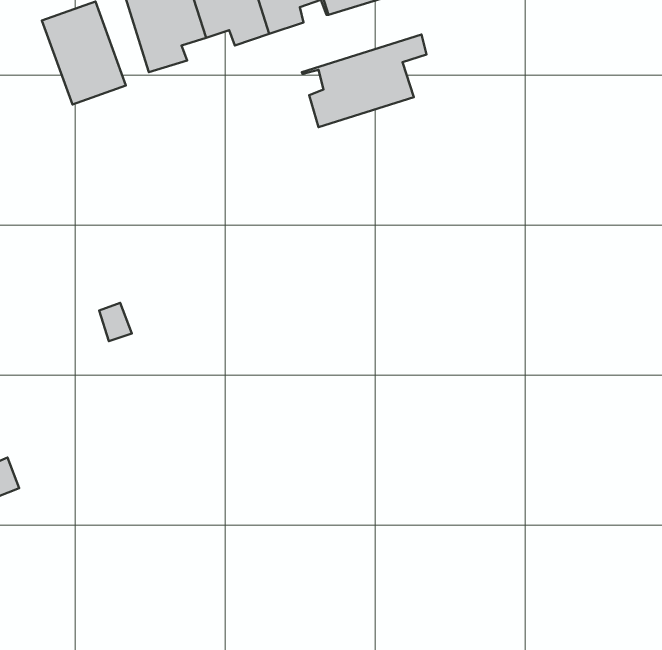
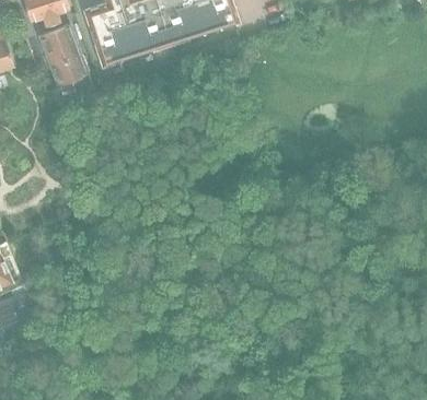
building: [302,35,427,127] -> none

